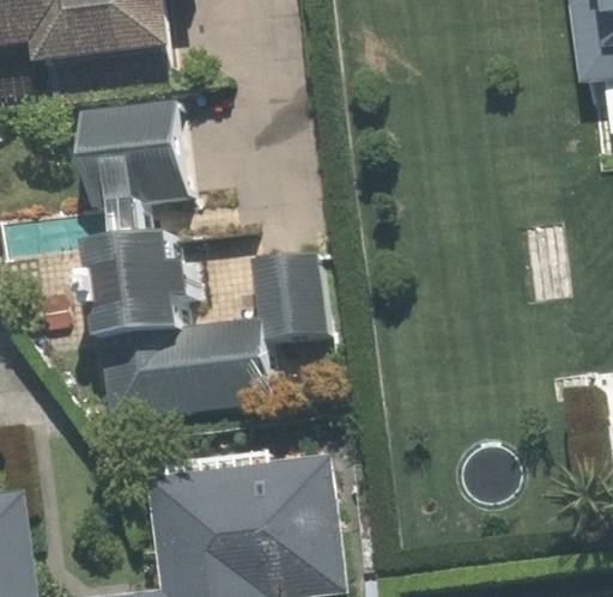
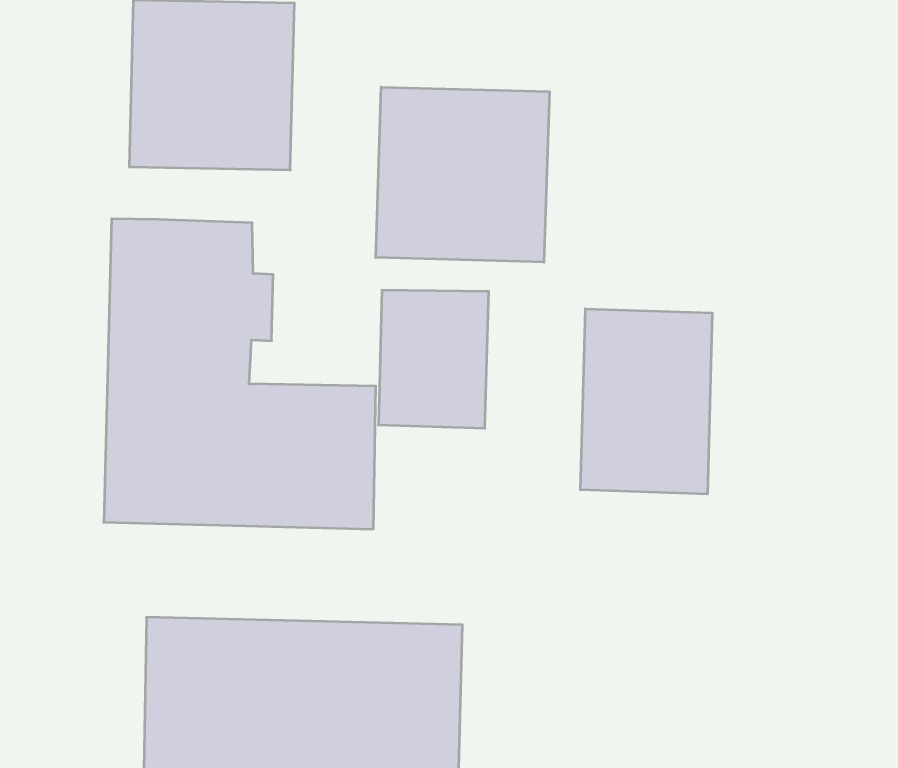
building: none -> [376,87,549,262]
building: none -> [580,309,712,494]

